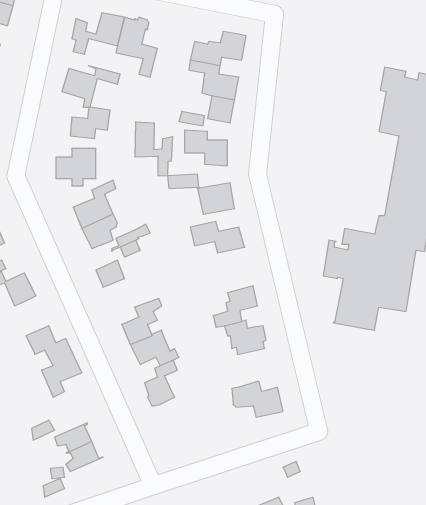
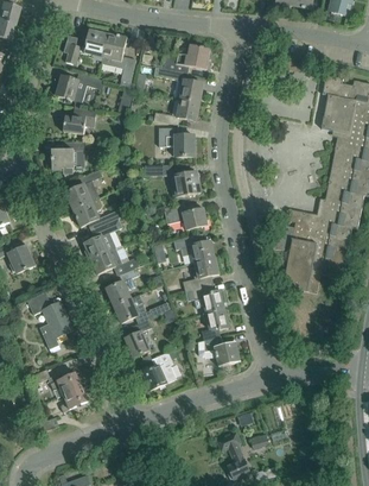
building: [135,122,172,176] -> none
building: none -> [173,235,216,263]
building: none -> [91,248,140,274]
building: none -> [202,309,230,341]
building: none -> [144,351,177,390]

